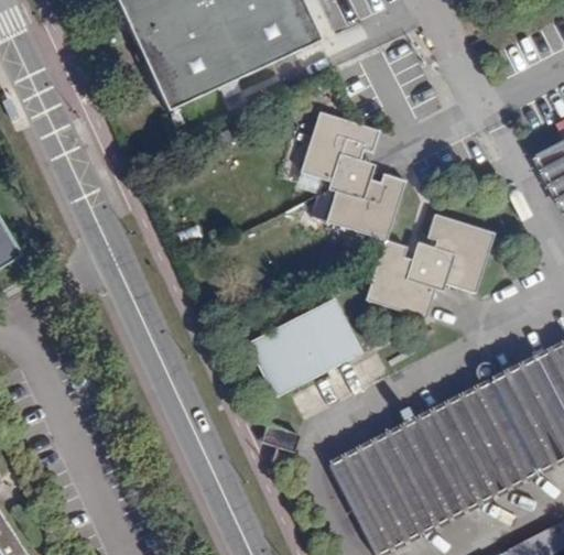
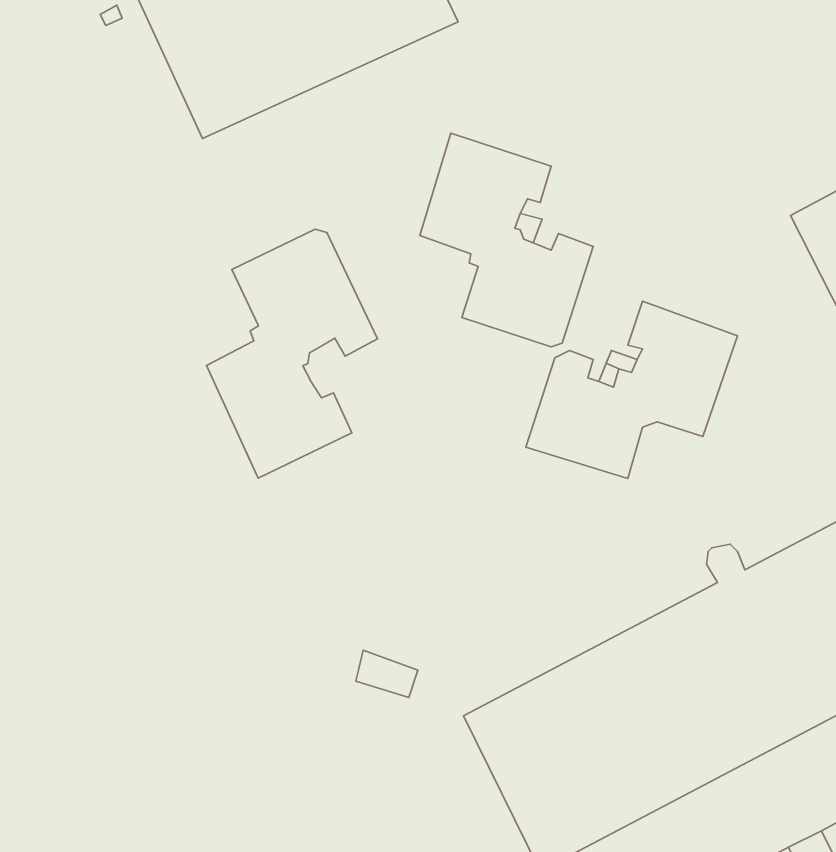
building: none -> [206,229,377,478]
building: [248,296,364,395] -> none

